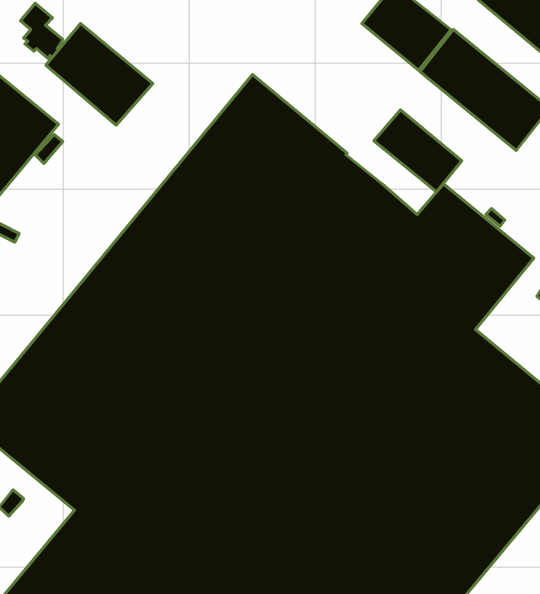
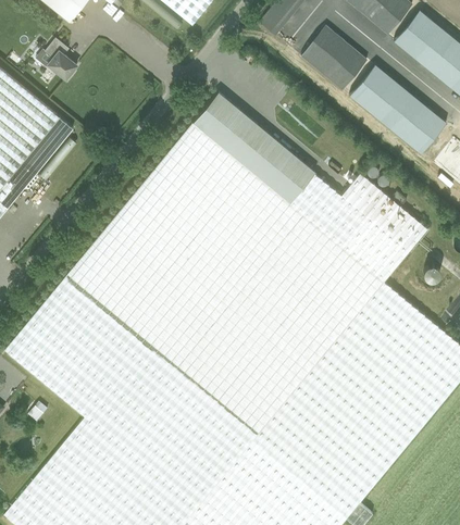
building: [46,24,153,125] -> none
building: [374,110,462,192] -> none

